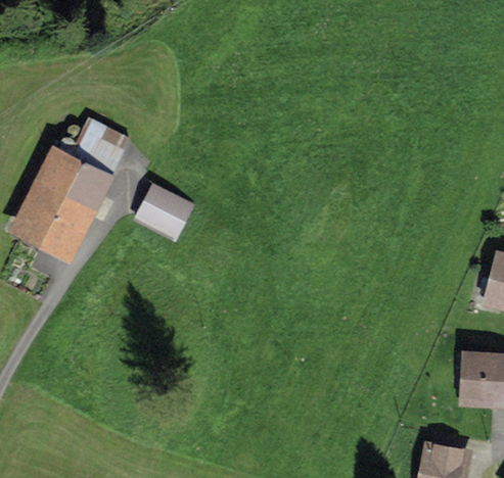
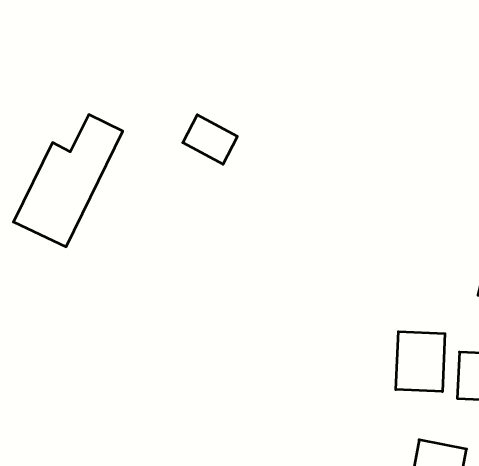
building: [141,183,195,232] -> [183,115,237,164]
building: none -> [396,332,445,392]

